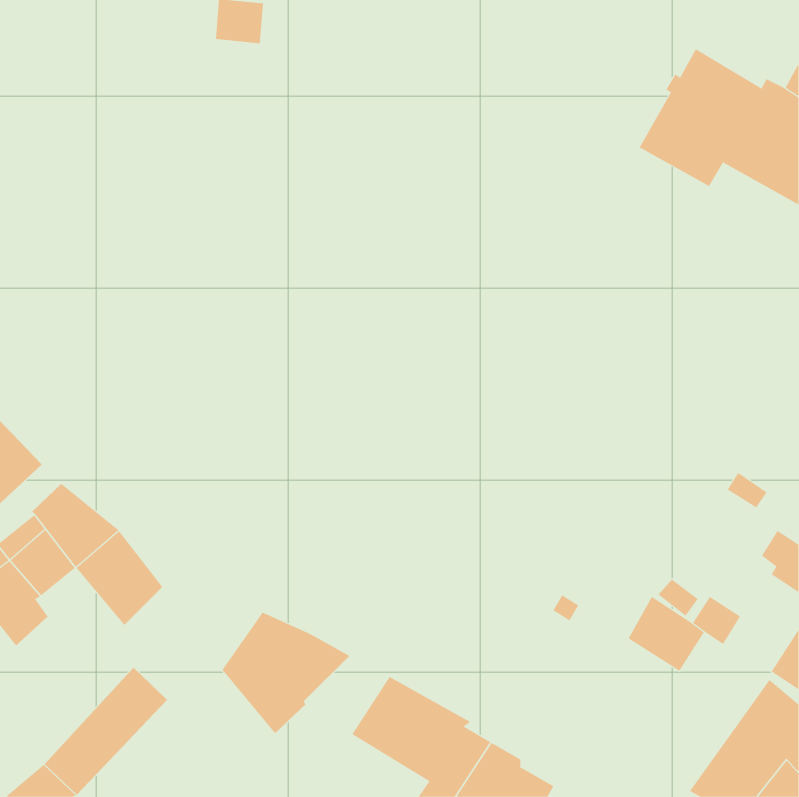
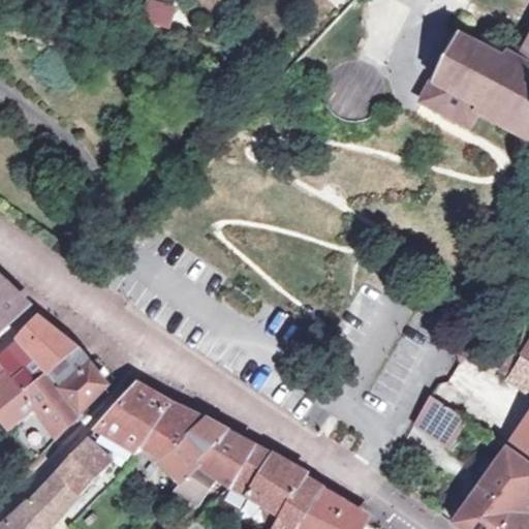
building: none -> [24,374,82,438]
building: none -> [96,385,173,452]
building: none -> [177,432,256,502]

